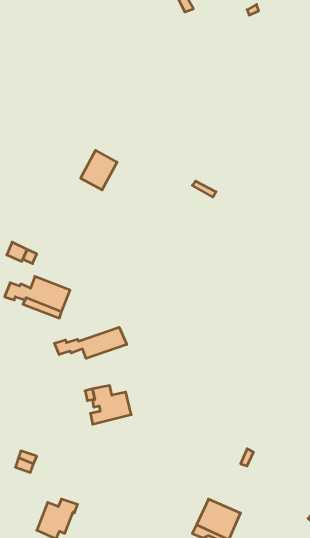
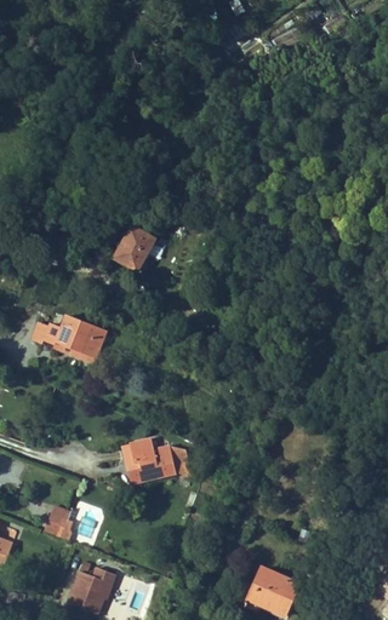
building: [81,150,117,190] -> [114,224,155,269]
building: [54,327,127,358] -> none

